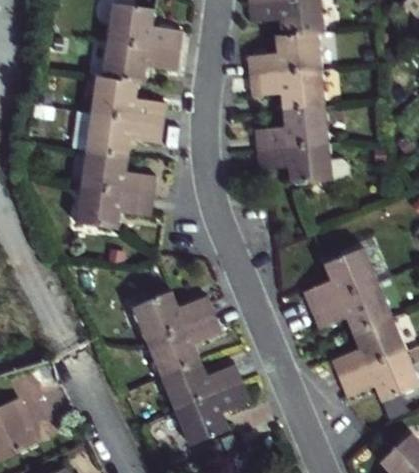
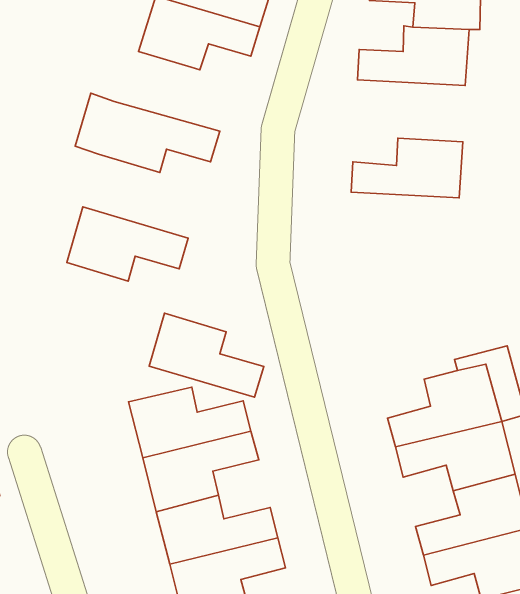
building: [249,68,324,109] -> none
building: [92,77,167,122] -> none
building: [256,142,346,185] -> none
building: [82,149,157,195] -> [149,313,264,397]

